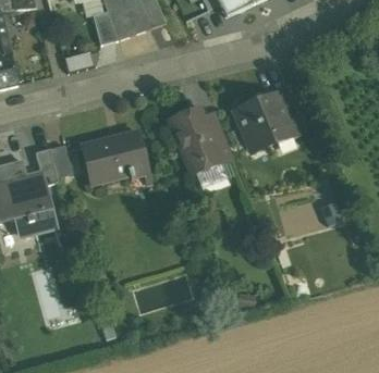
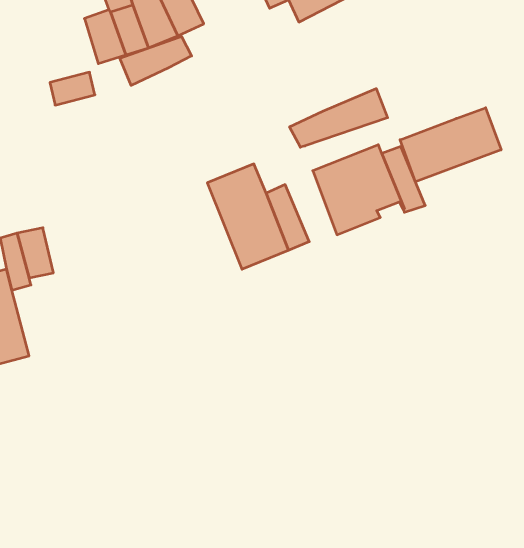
building: none -> [120,36,192,85]
building: none -> [290,89,388,147]
building: none -> [400,108,501,182]
building: [80,132,143,186] -> none

